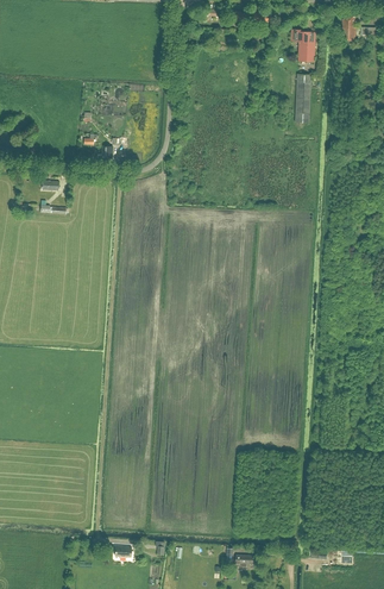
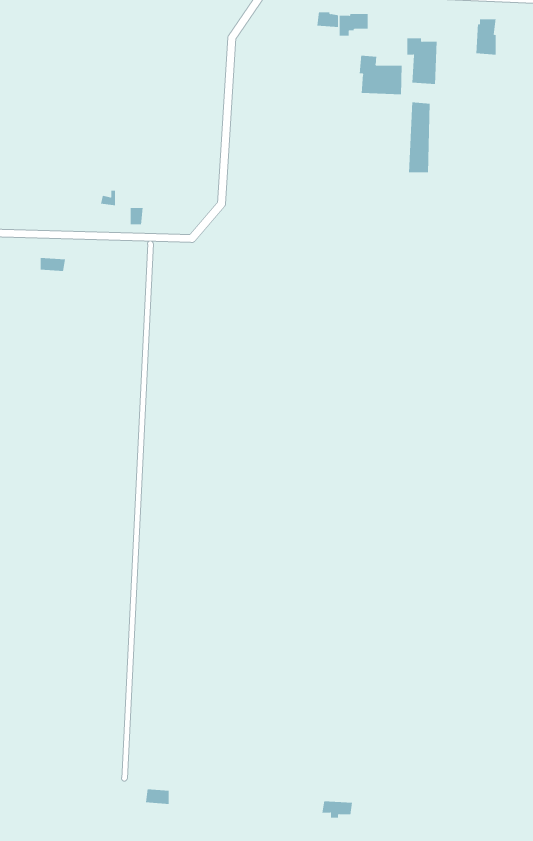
building: none -> [359,55,402,95]

